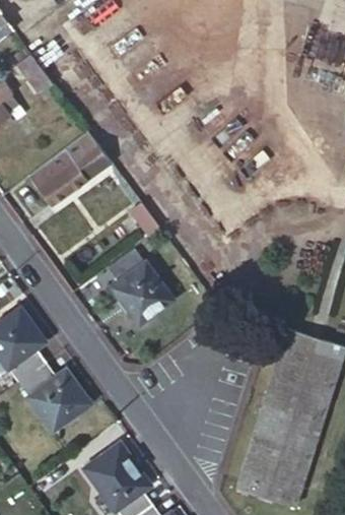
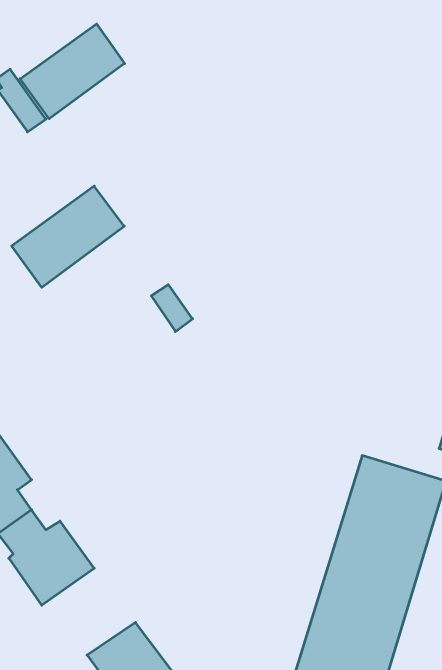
building: none -> [20,24,125,119]
building: [110,251,178,325] -> none

